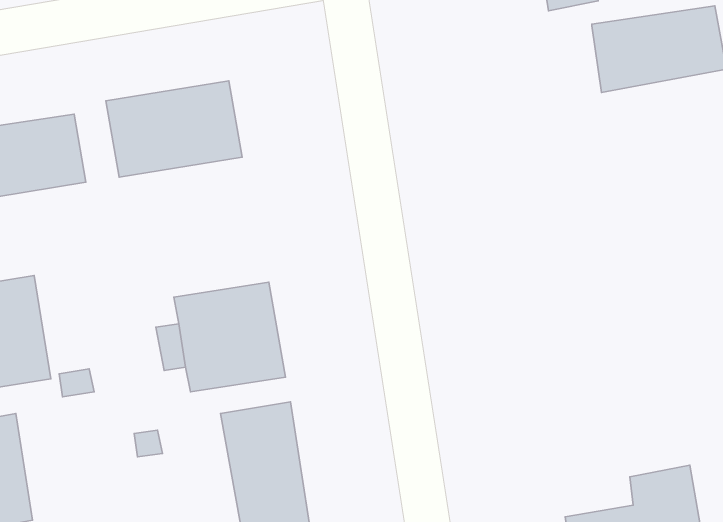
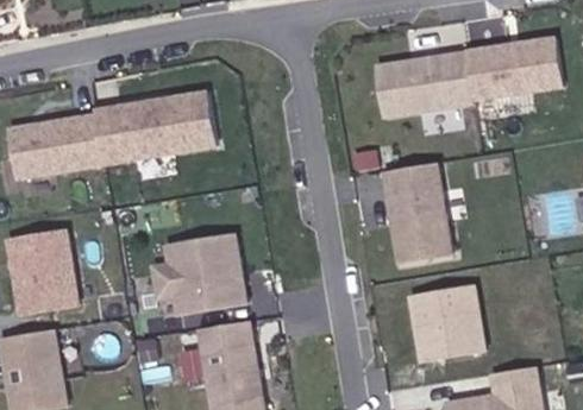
building: none -> [375,52,472,116]
building: none -> [94,106,126,164]
building: none -> [383,163,450,261]
building: none -> [400,284,479,362]

